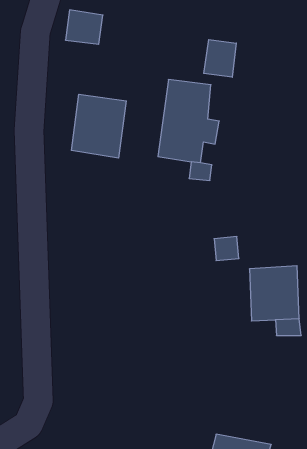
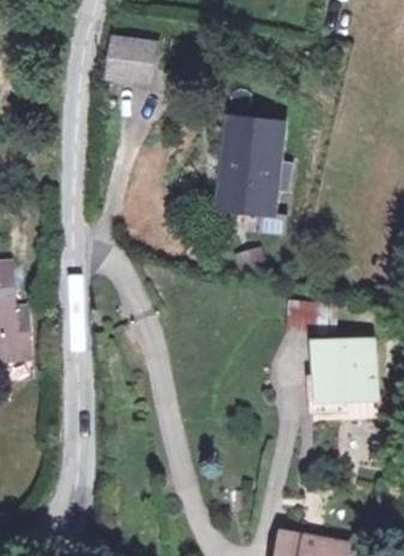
building: [204,40,236,77] -> none
building: [71,94,126,158] -> none

